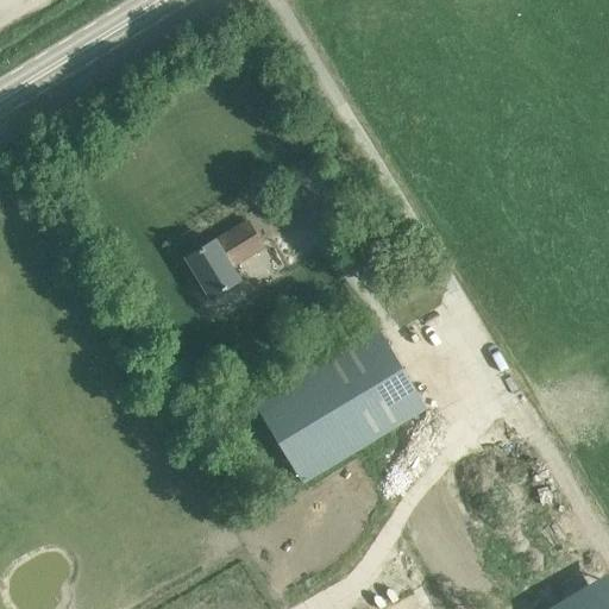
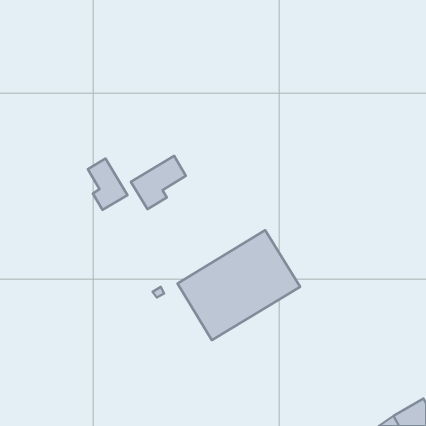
building: none -> [88,158,127,210]

